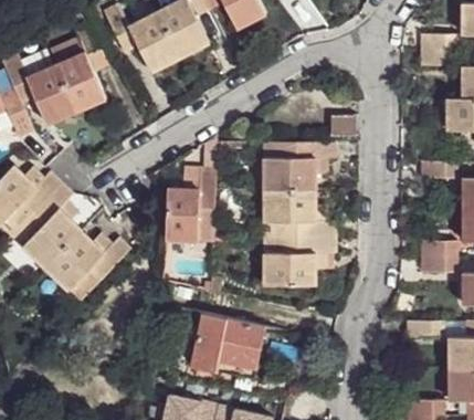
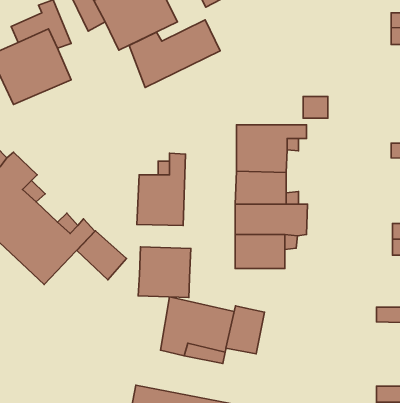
building: none -> [129,20,220,87]
building: none -> [77,231,126,280]
building: none -> [138,247,191,297]
building: none -> [226,306,264,354]

